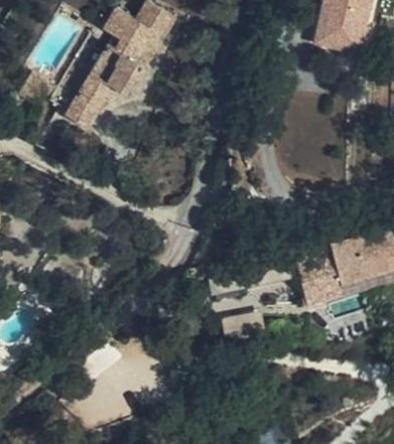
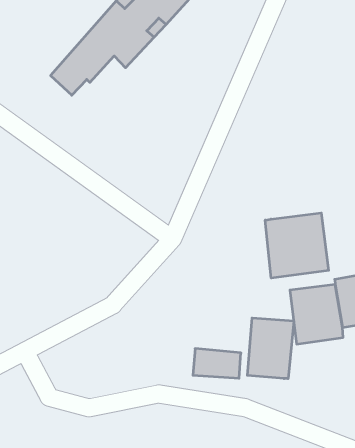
building: none -> [265,213,329,278]
building: none -> [247,318,294,379]

